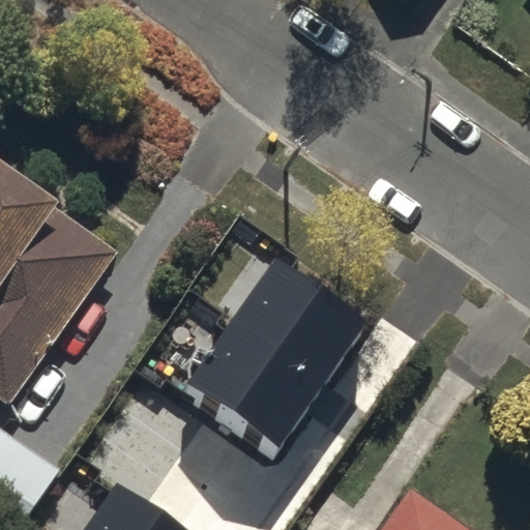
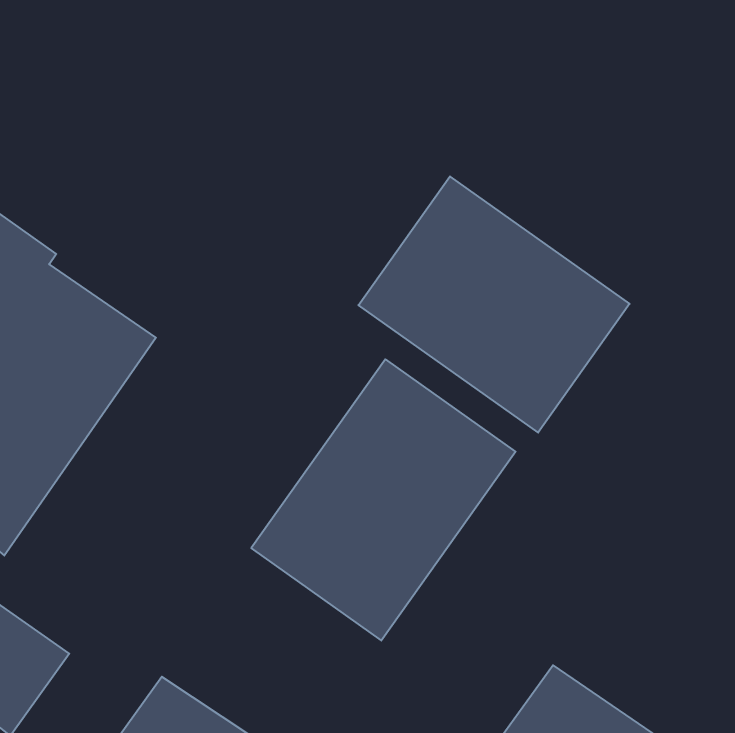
building: none -> [358,176,630,433]

